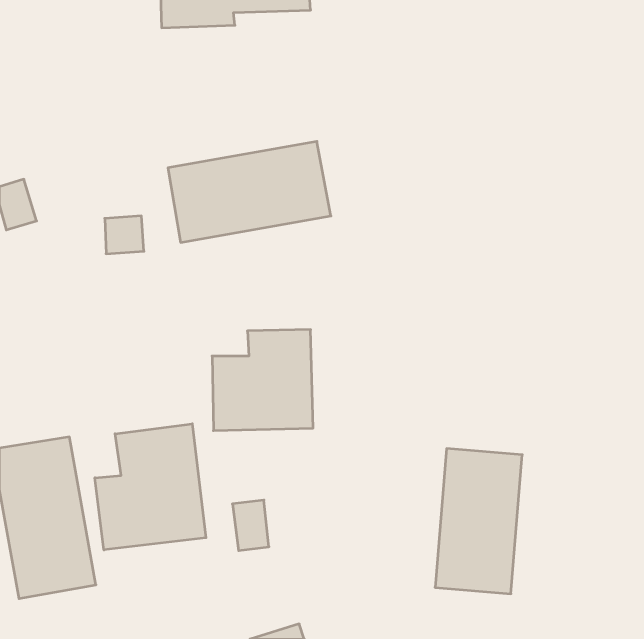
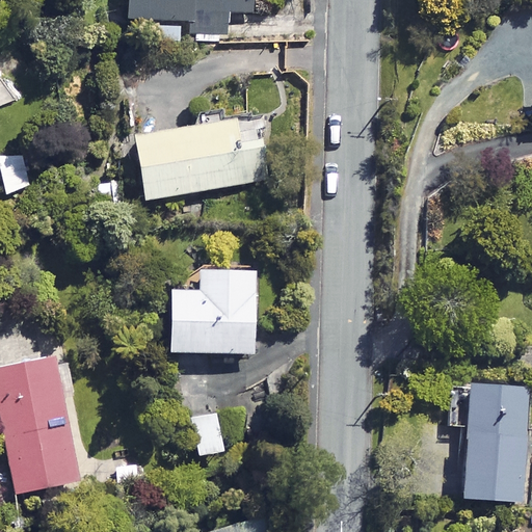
building: [95,424,206,550] -> none
building: [435,449,522,594] -> [451,376,523,496]

